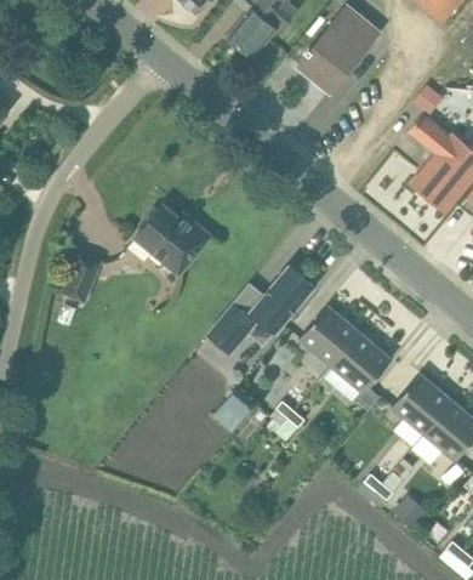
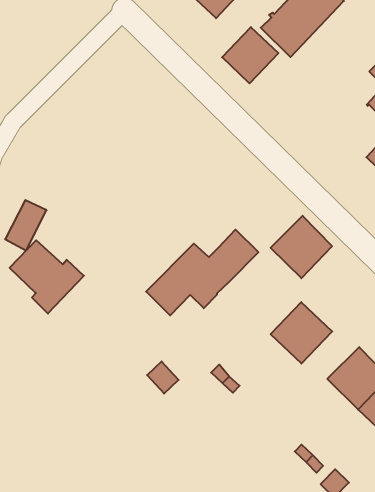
building: none -> [222,27,278,83]
building: [136,204,210,275] -> [10,240,84,314]
building: [297,305,358,366] -> [271,216,332,278]

